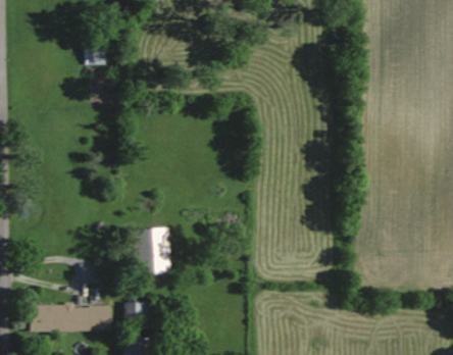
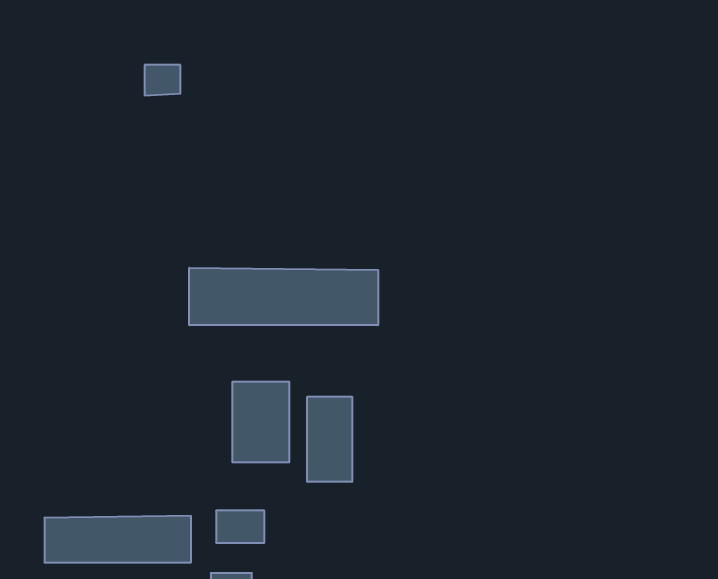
building: none -> [189,268,378,325]
building: none -> [307,397,352,482]

